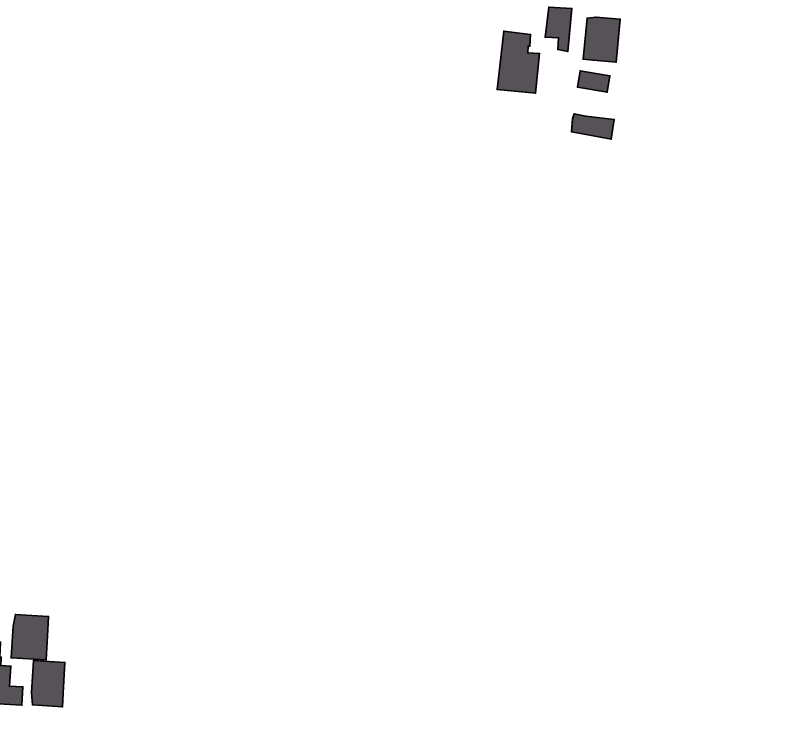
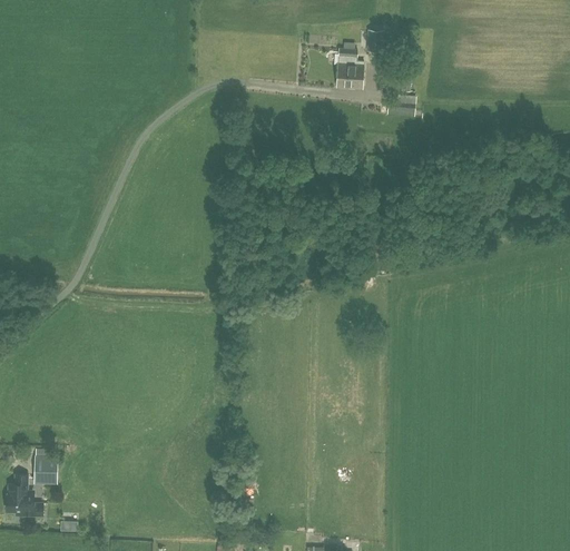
building: [583,17,620,62] -> none
building: [32,661,65,707] -> none

